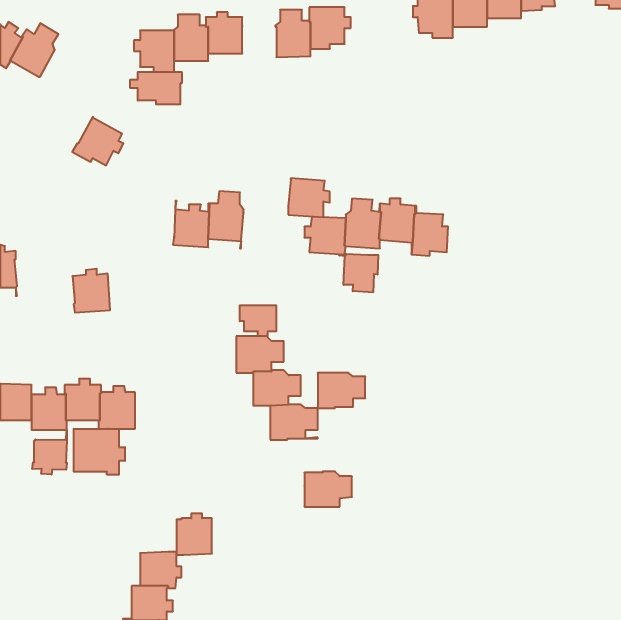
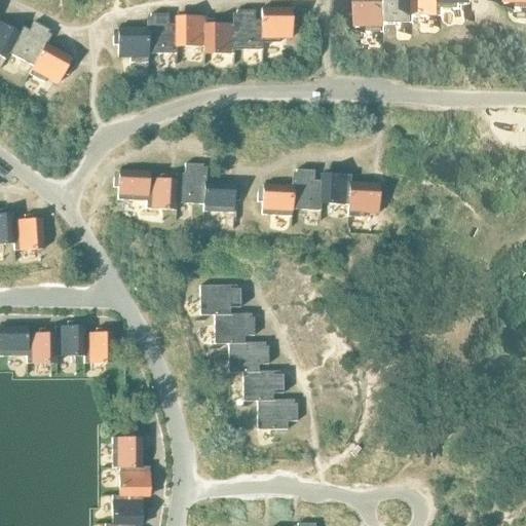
building: none -> [203,16,234,52]
building: [130,72,182,104] -> none
building: [72,117,123,165] -> [30,42,73,83]
building: [288,178,330,217] -> [204,179,239,212]
building: none -> [114,167,149,200]
building: [339,254,378,292] -> none
building: [72,269,110,313] -> [13,213,45,250]
building: [240,305,276,336] -> none
building: [318,373,365,408] -> [243,370,284,400]
building: [74,429,125,475] -> none
building: [32,430,67,475] -> none
building: [177,513,212,555] -> [113,431,143,466]

